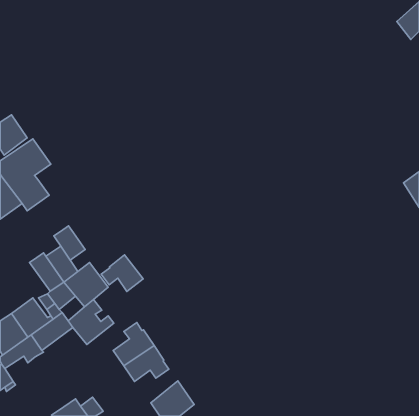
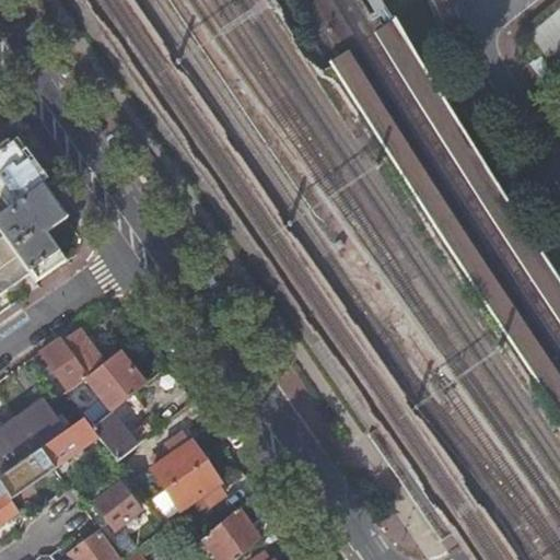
building: [54,226,85,260] -> none
building: [101,255,143,291] -> none
building: none -> [93,481,140,527]

